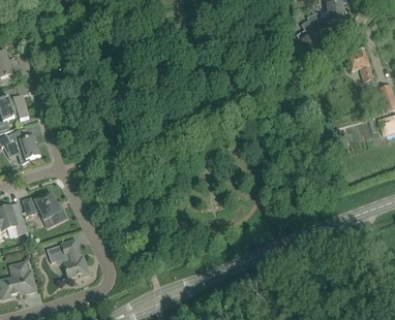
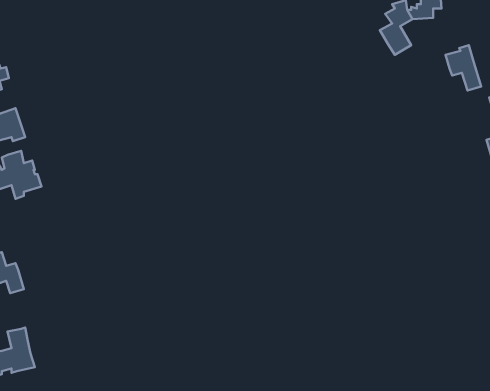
building: [21,191,66,226] -> none
building: [45,238,88,281] -> none

